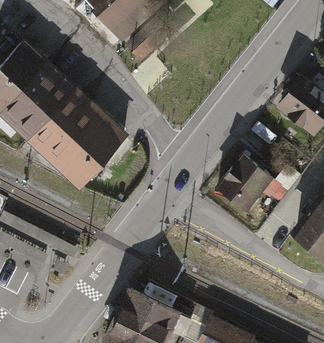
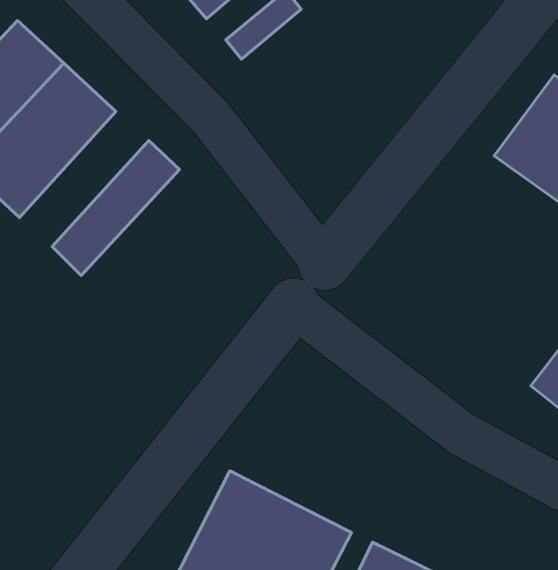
building: [28,89,95,159] -> none
building: [60,119,132,192] -> none
building: [215,154,273,212] -> none

